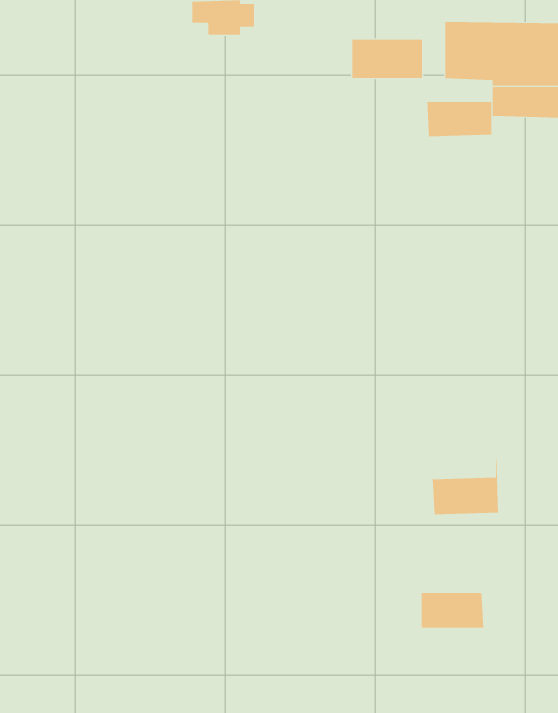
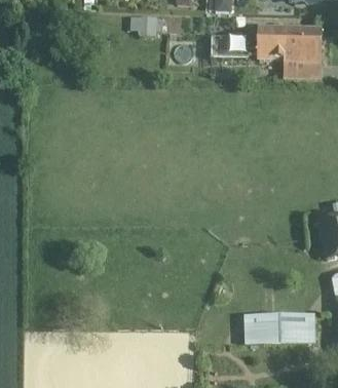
building: [427,101,492,137] -> none
building: [432,458,499,515] -> [278,312,313,342]

